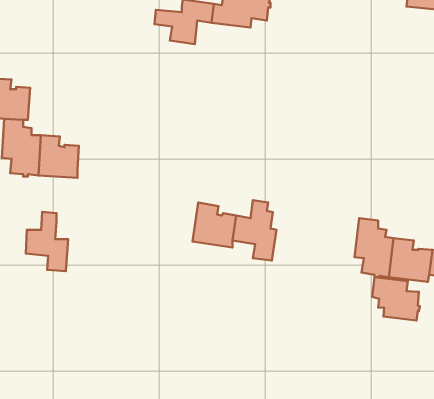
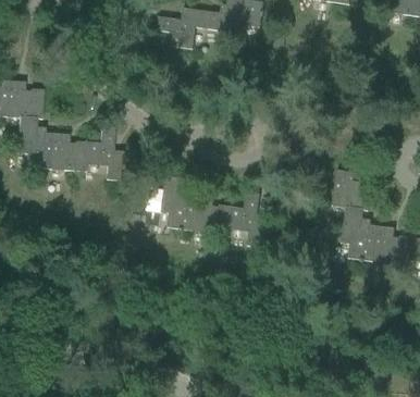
building: none -> [332,170,372,211]
building: none -> [147,174,197,231]
building: [26,212,68,271] -> [86,125,125,179]
building: [372,277,420,321] -> none

